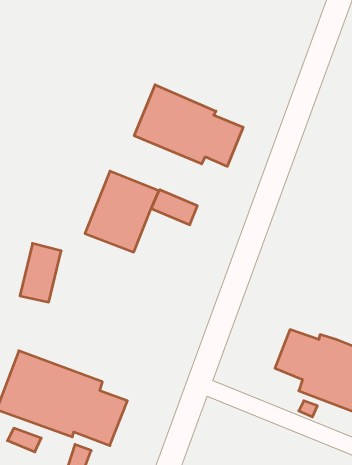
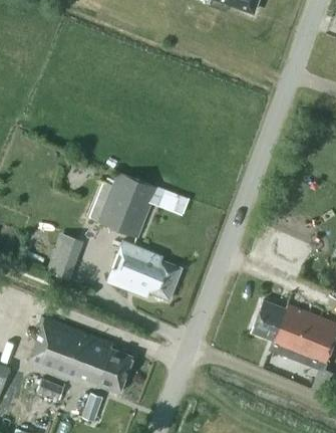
building: [134,85,243,166] -> none
building: none -> [106,240,180,299]

